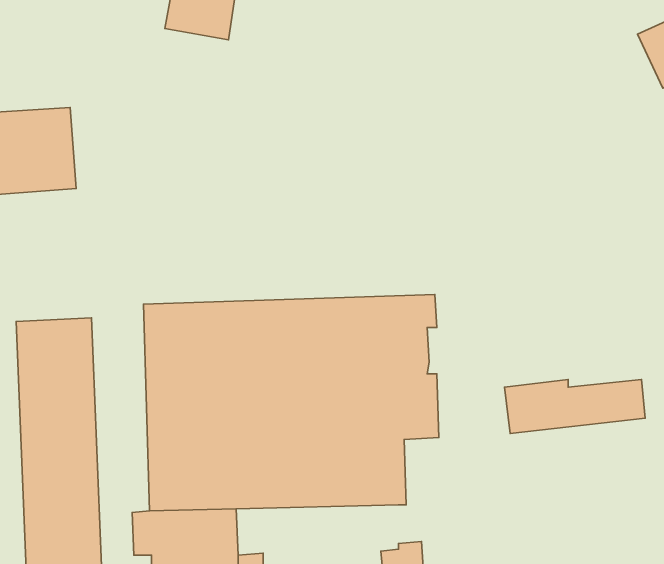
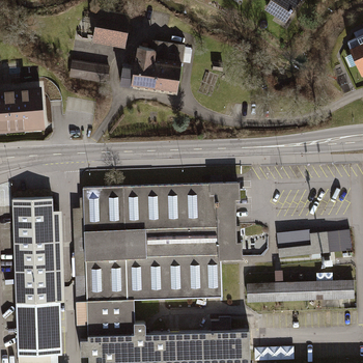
building: none -> [120,40,186,94]
building: none -> [71,59,110,83]
building: none -> [244,272,353,304]

